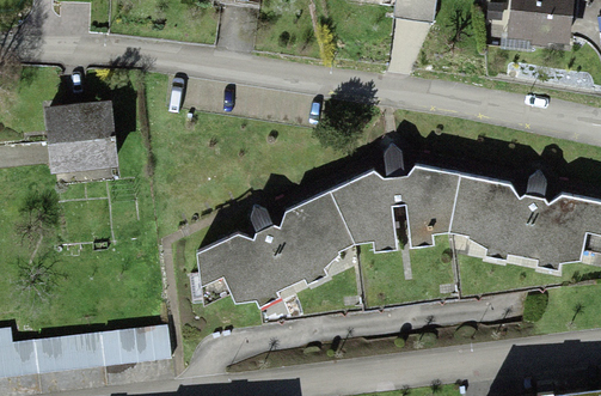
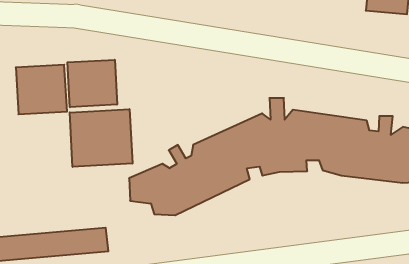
building: none -> [67,60,117,107]
building: none -> [70,109,132,167]

